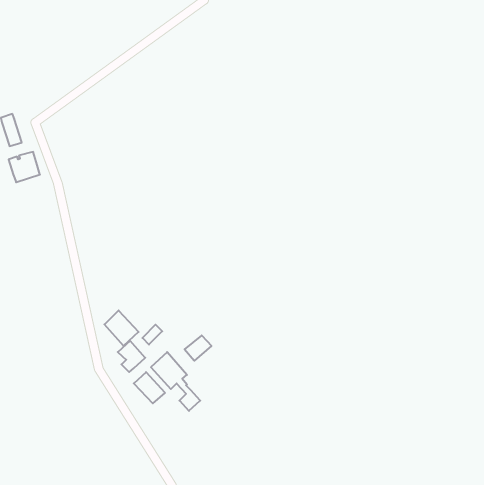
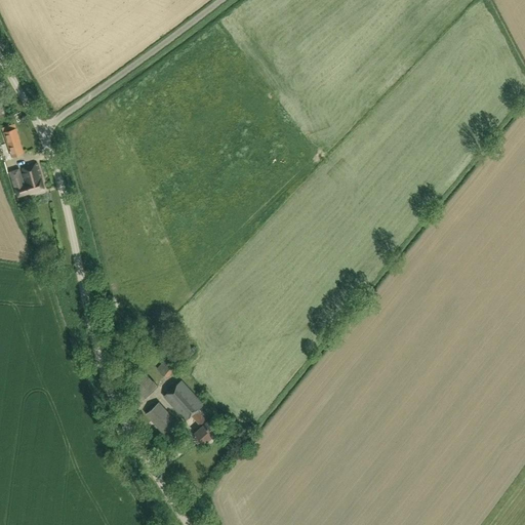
building: [104,310,139,346] -> none
building: [185,335,211,361] -> none

